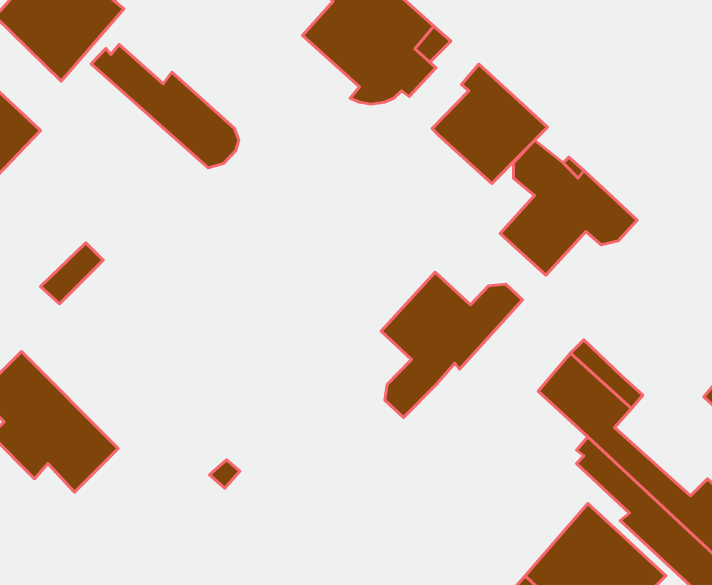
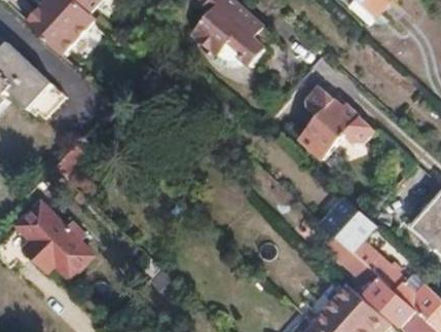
building: [91,44,239,168] -> none
building: [432,64,547,184] -> none
building: [381,272,523,417] -> none

